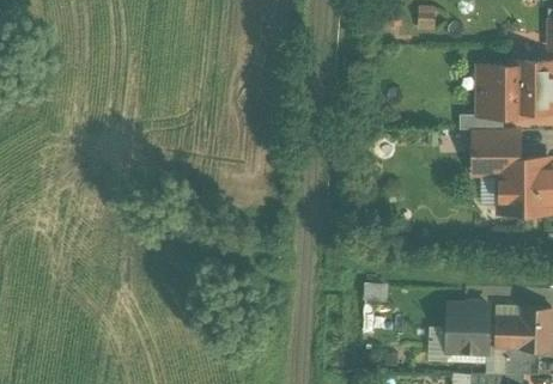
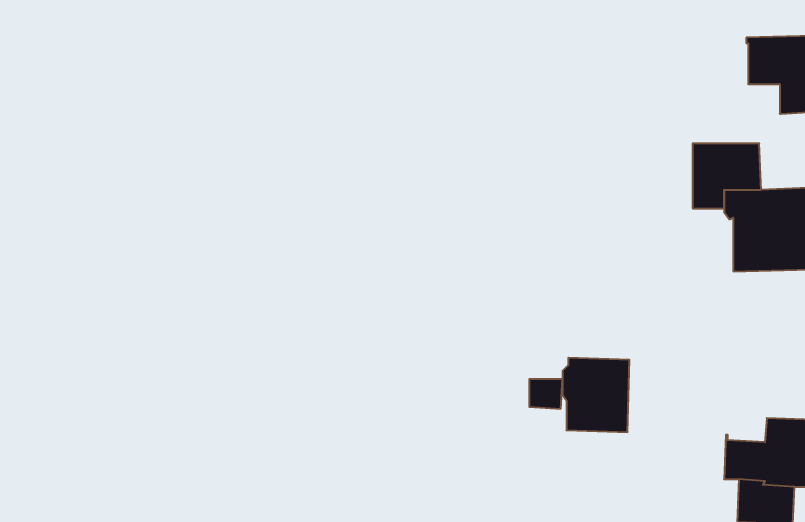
building: [479,66,531,116] -> none
building: [445,305,488,353] -> [563,358,629,432]

